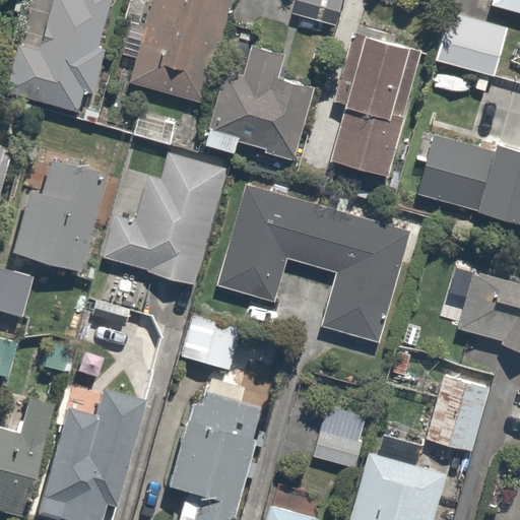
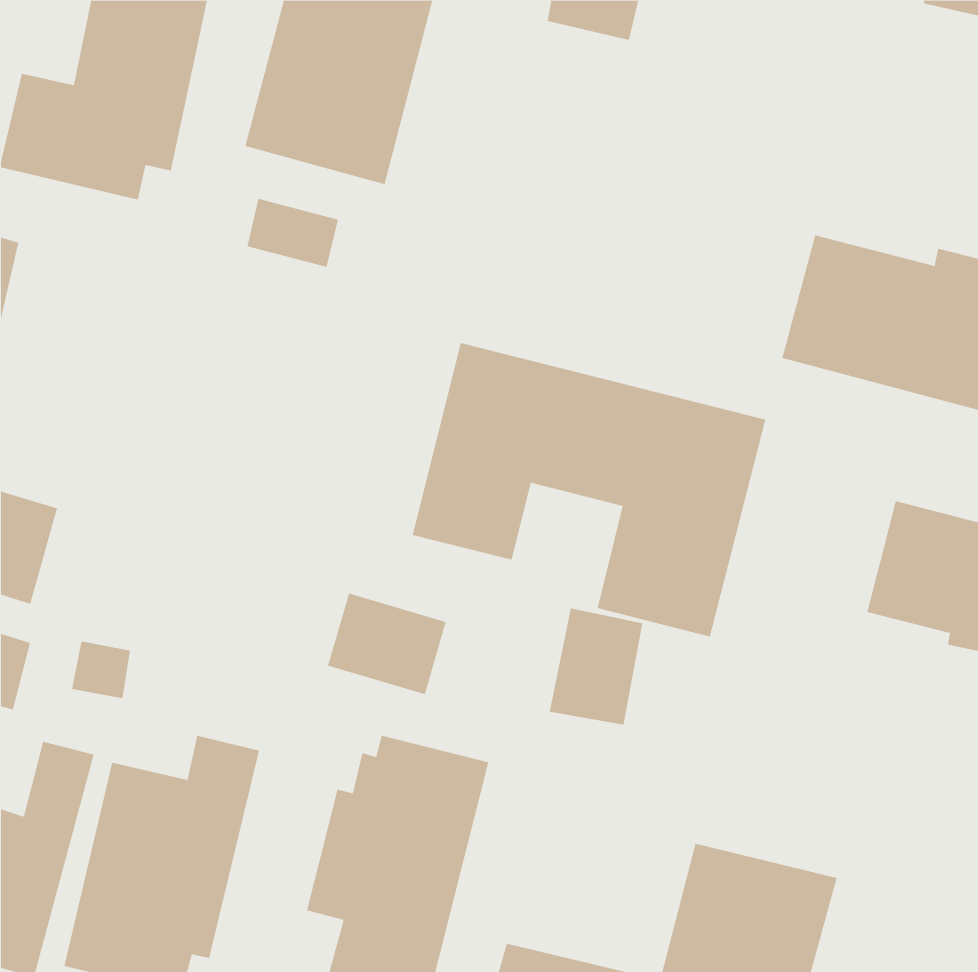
building: [440,14,509,72] -> none
building: [331,27,419,173] -> none
building: [204,40,317,155] -> none
building: [103,153,226,285] -> none
building: [10,159,102,272] -> none
building: [429,374,492,451] -> none
building: [317,402,367,464] -> [549,608,643,725]

